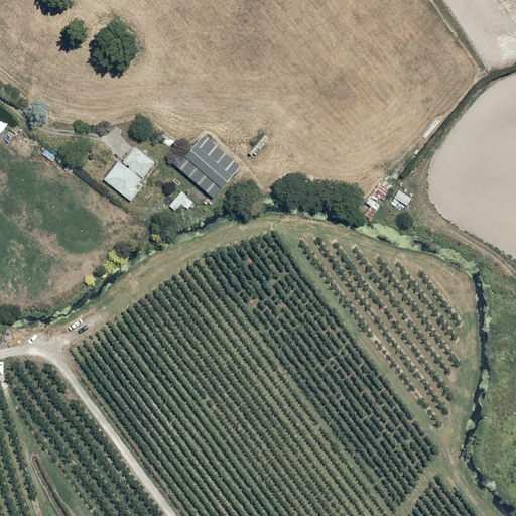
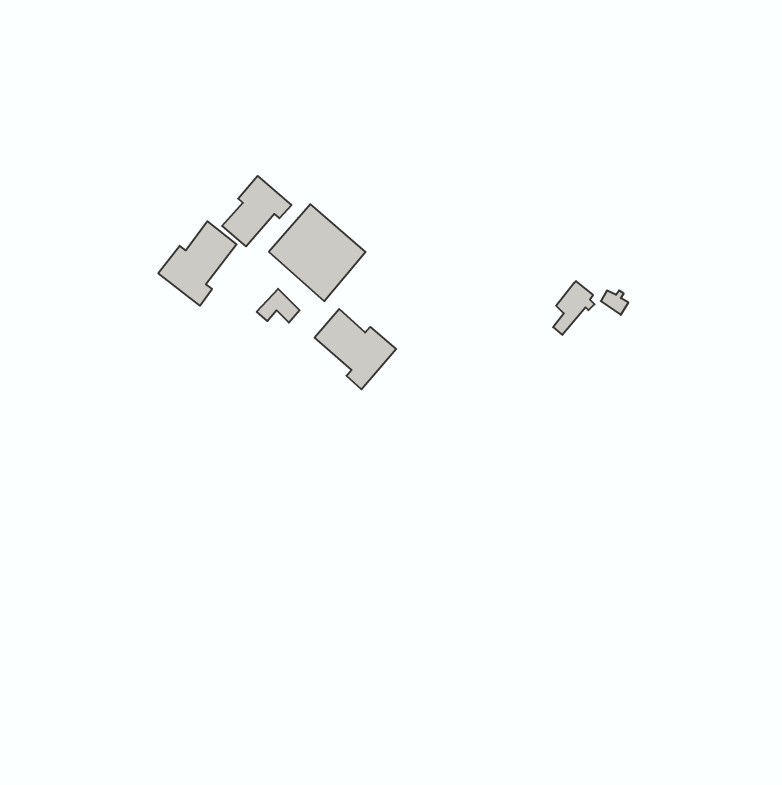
building: none -> [222,176,291,246]
building: none -> [315,309,396,389]

